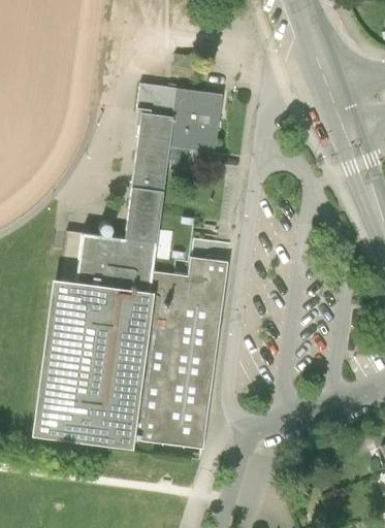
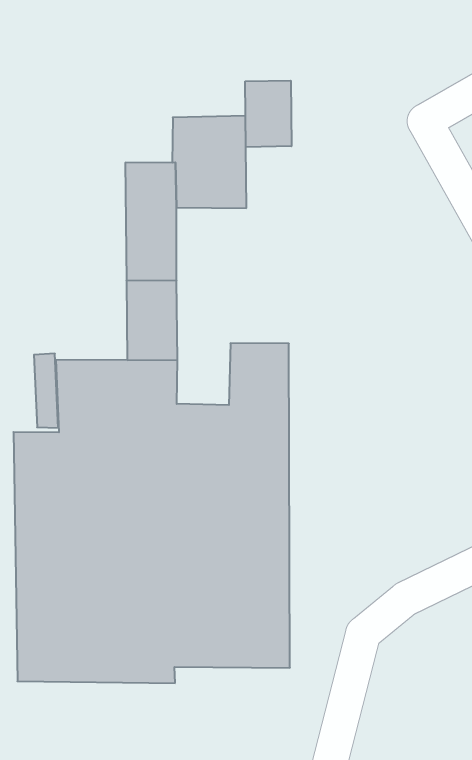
building: none -> [245,81,291,147]
building: [142,86,177,120] -> none

